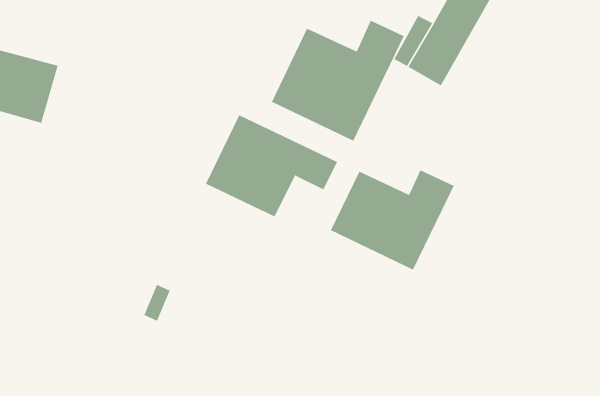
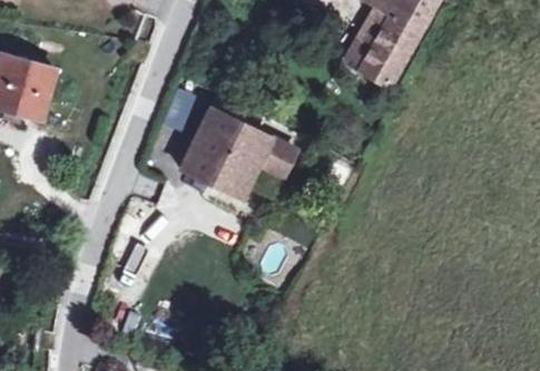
building: [271,20,405,142] -> none
building: [330,169,454,271] -> none

